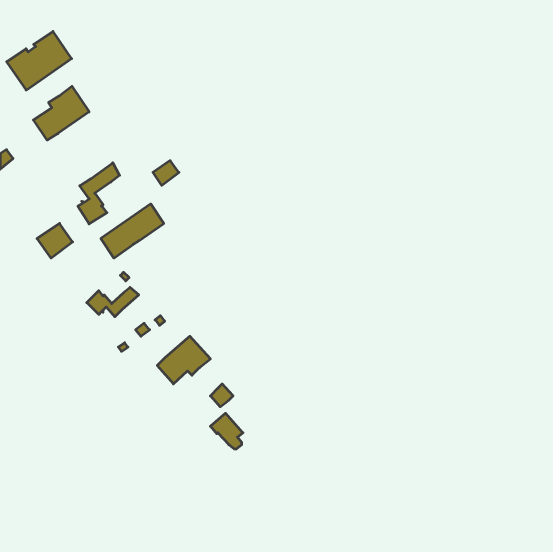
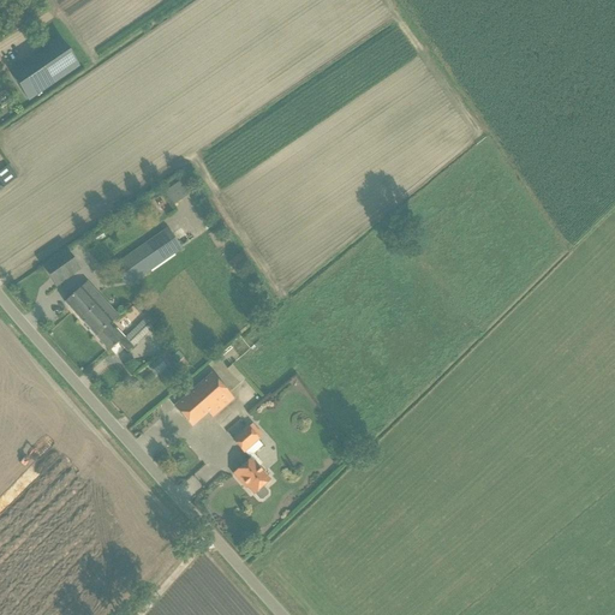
building: [33,86,89,140] -> none
building: [78,163,120,224] -> none
building: none -> [66,281,119,335]

